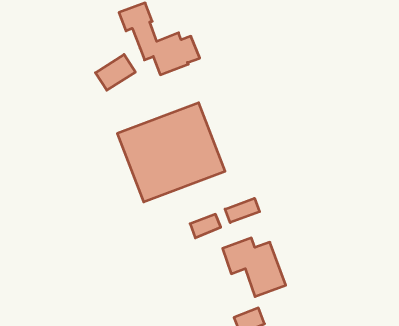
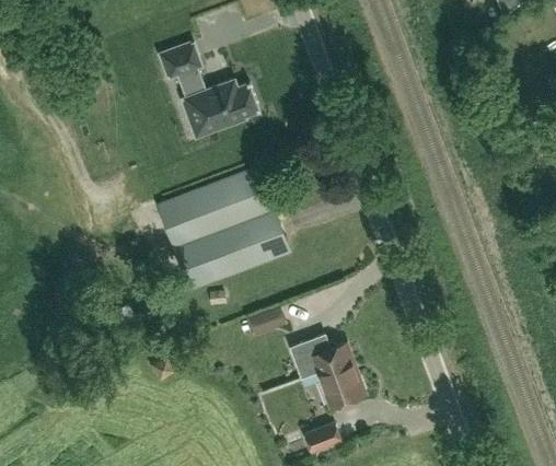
building: [95,54,135,90] -> none
building: [225,198,260,223] -> none

